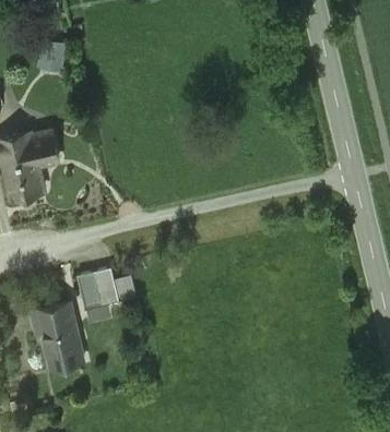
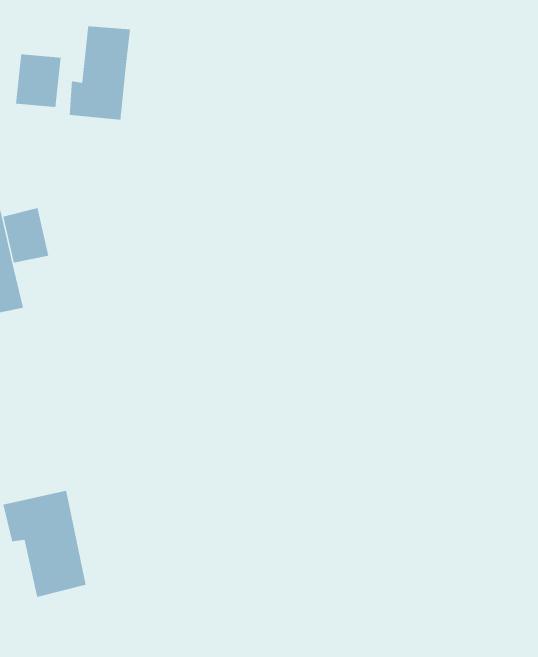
building: none -> [69,25,131,121]
building: [78,271,119,312] -> none

